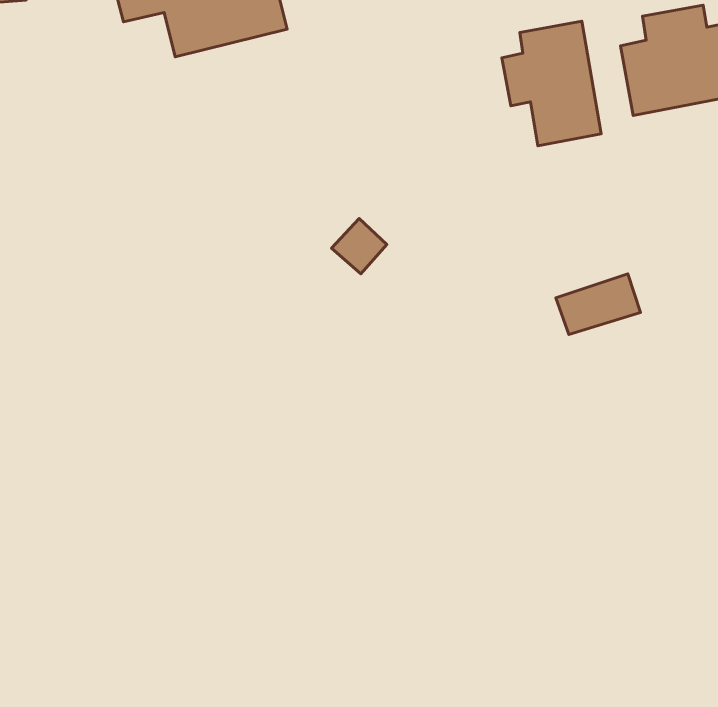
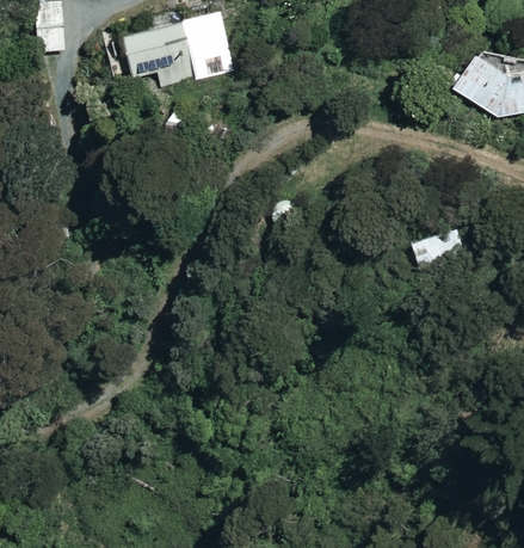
building: [502,21,601,146] -> none

